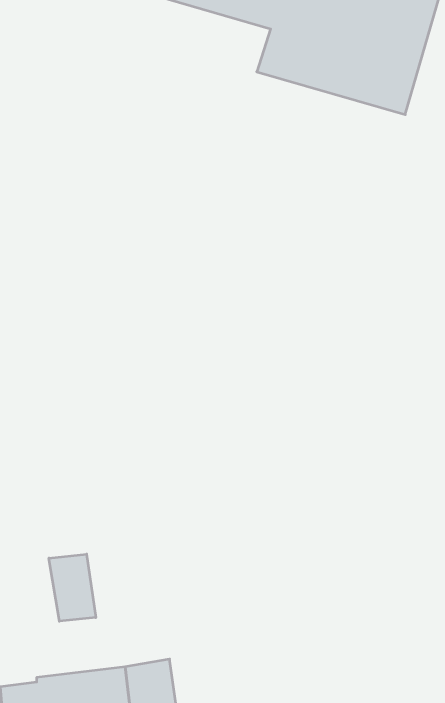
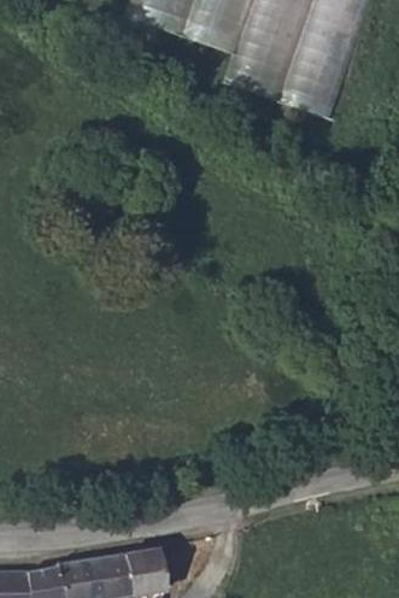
building: [49,554,96,621] -> none

